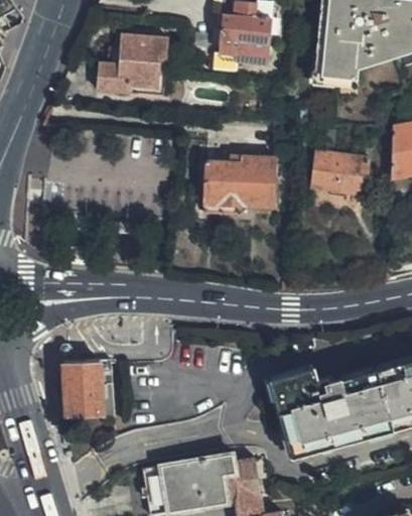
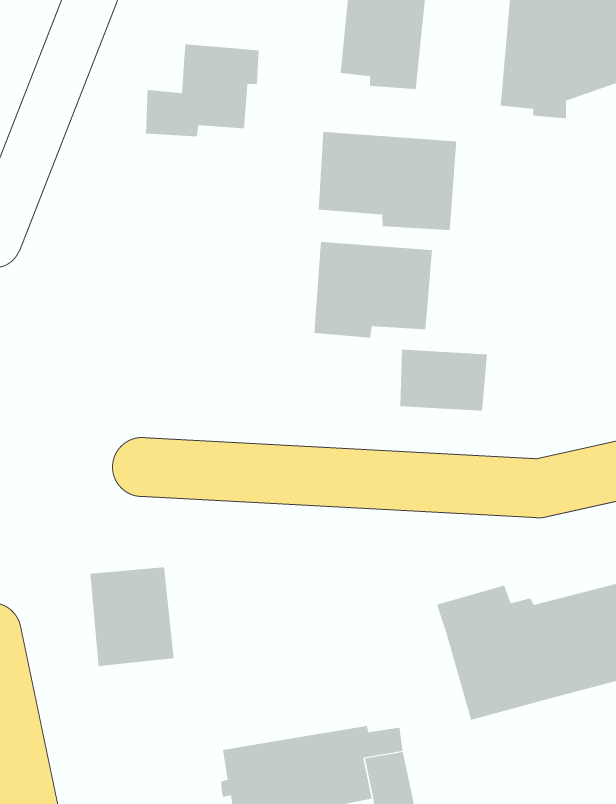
building: none -> [318,131,457,231]
building: [315,153,370,191] -> [400,349,488,411]

